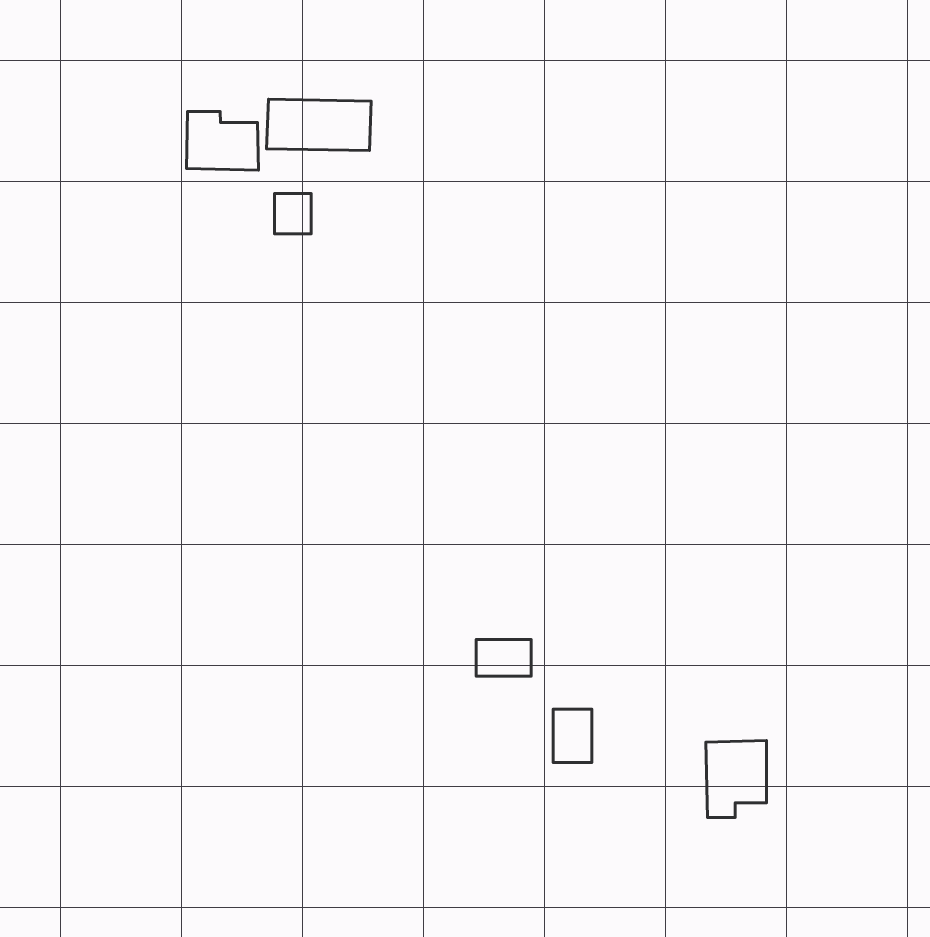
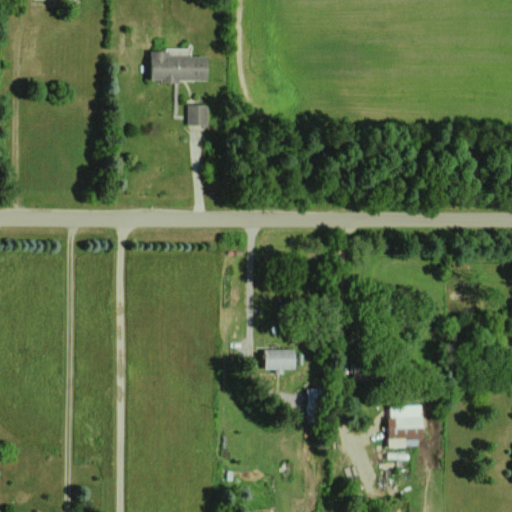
building: [187,111,258,170] -> none
building: [274,194,311,234] -> [189,104,209,126]

